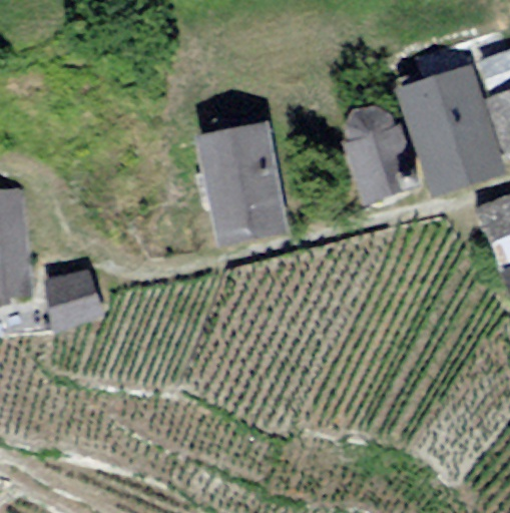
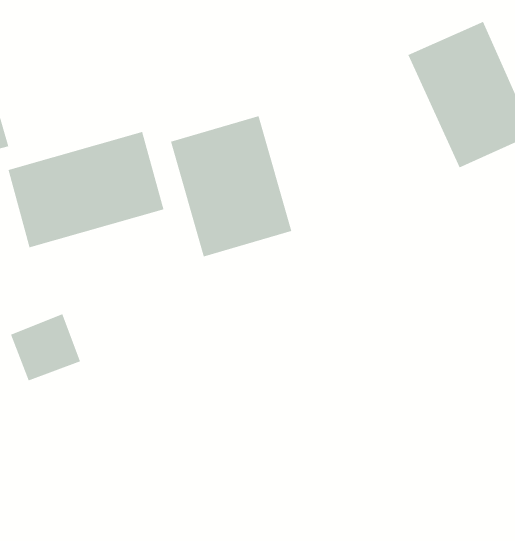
building: [340,118,417,199] -> none
building: none -> [8,131,164,248]

